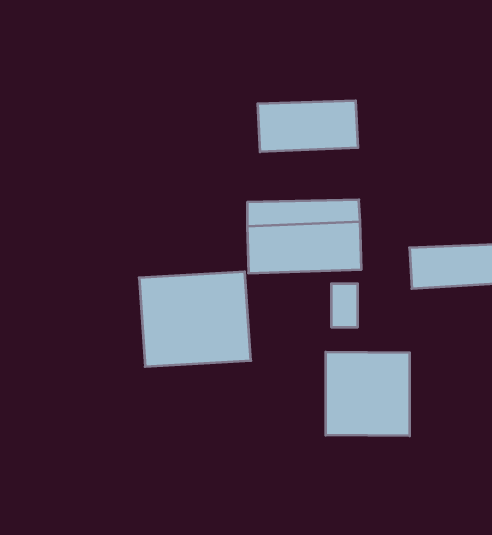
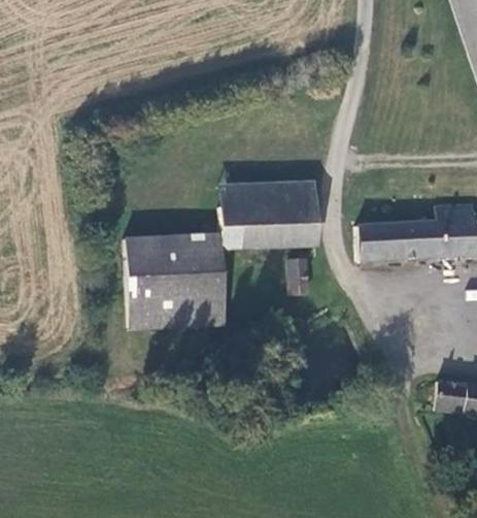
building: [258,101,358,152] -> none
building: [326,352,410,436] -> none

